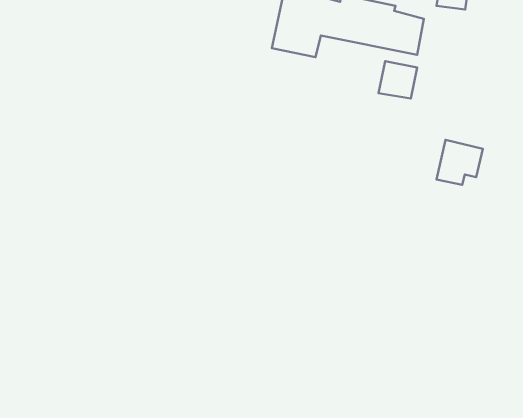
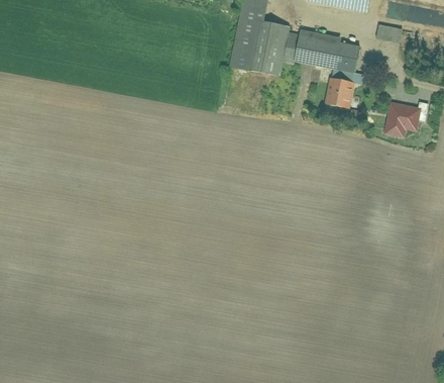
building: [436,140,483,185] -> [382,101,419,136]

